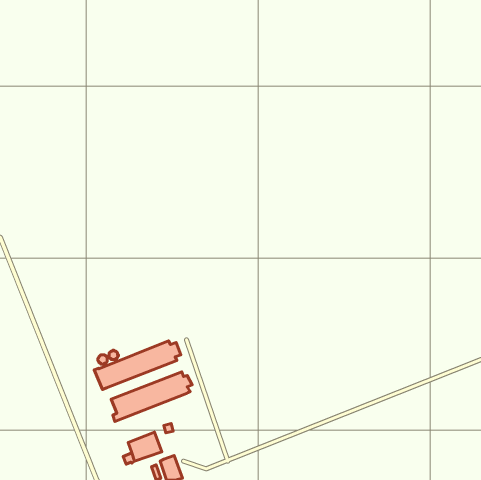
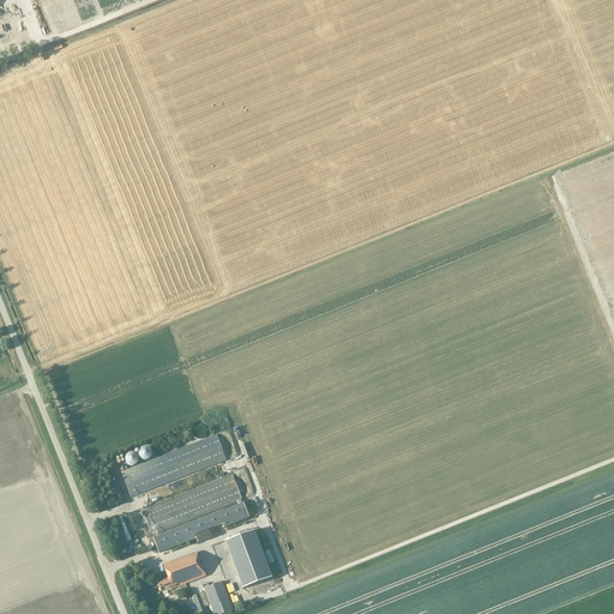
building: none -> [152,500,248,552]
building: none -> [224,530,271,588]

